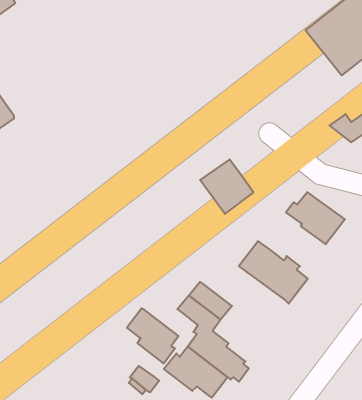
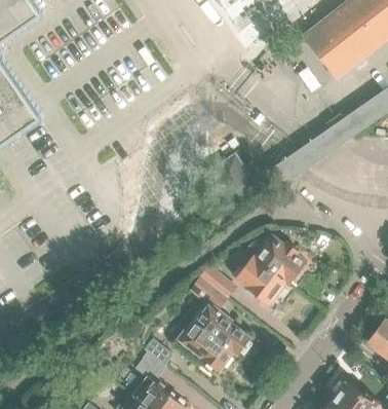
building: [286,192,345,244] -> [231,257,284,304]
building: [127,308,178,363] -> none

